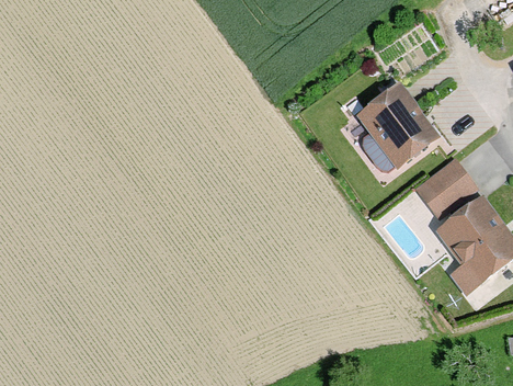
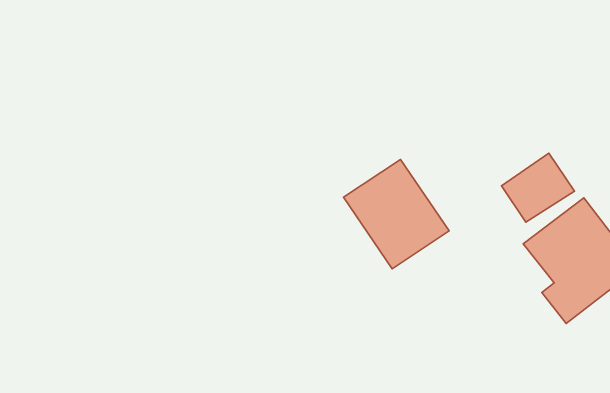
building: [352,80,437,169] -> [344,159,449,269]

